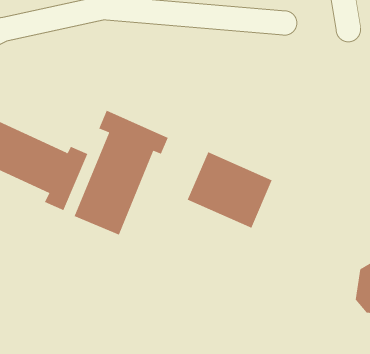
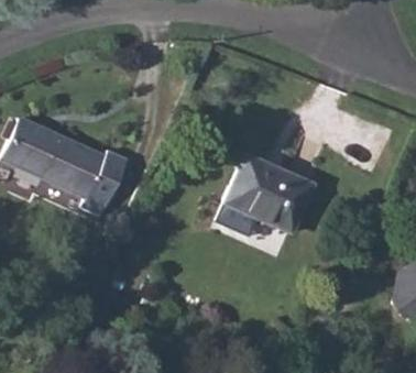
building: [74,110,168,235] -> none

